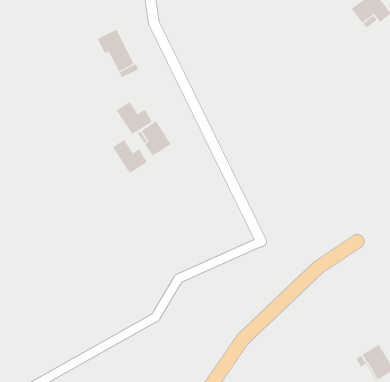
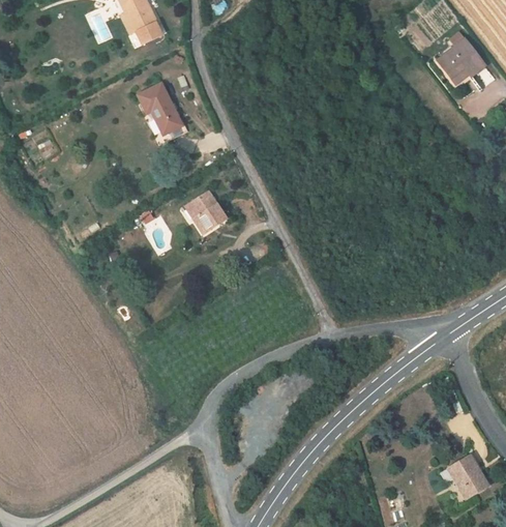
building: [116,101,153,135] -> none
building: [112,139,148,174] -> none

